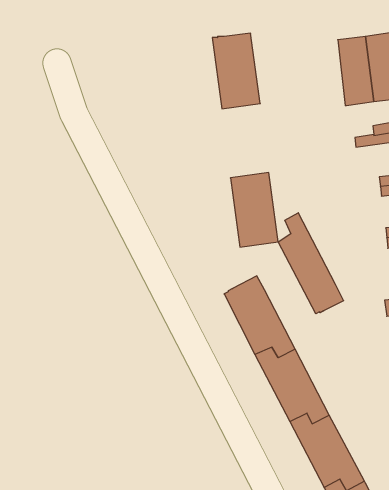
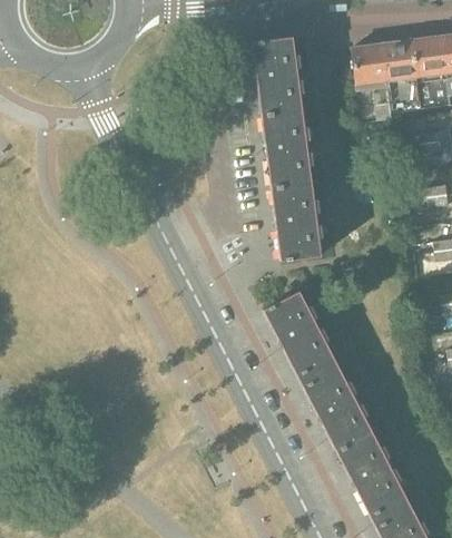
building: none -> [352,43,392,121]
building: none -> [262,110,311,188]
building: [278,213,344,314] -> none

